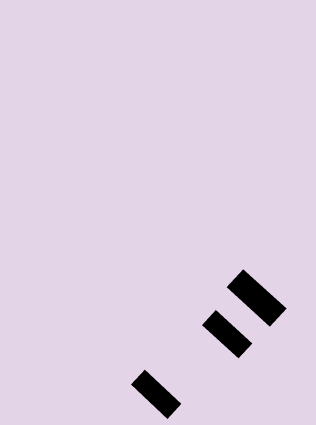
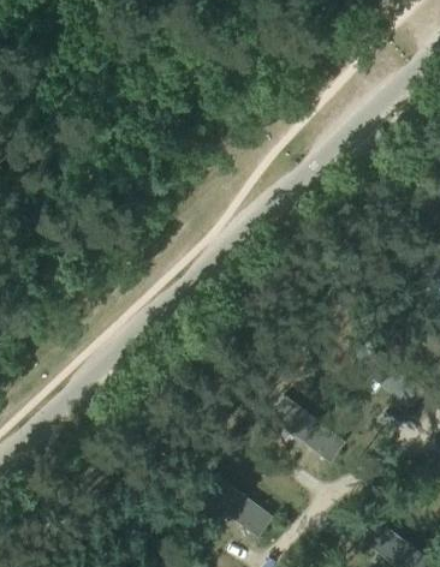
building: [226,268,287,327] -> none

